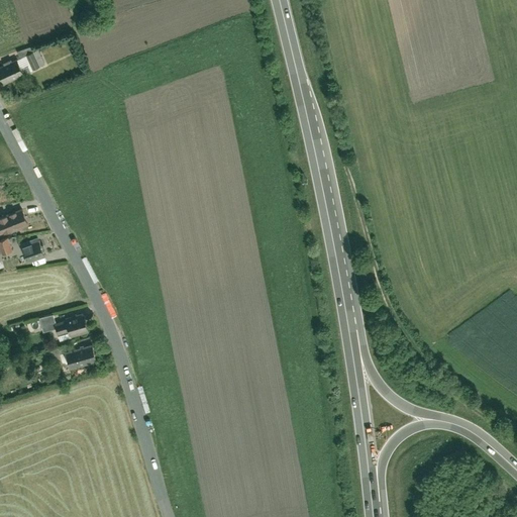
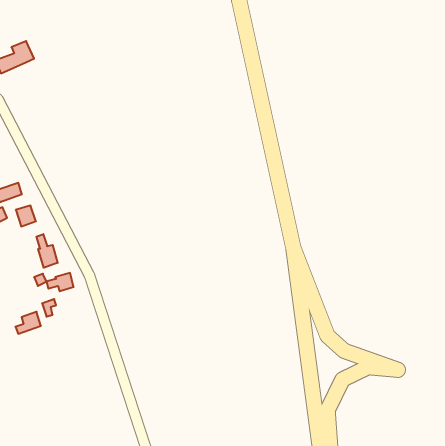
building: none -> [36,234,58,268]
building: [67,344,96,370] -> [15,312,41,334]

